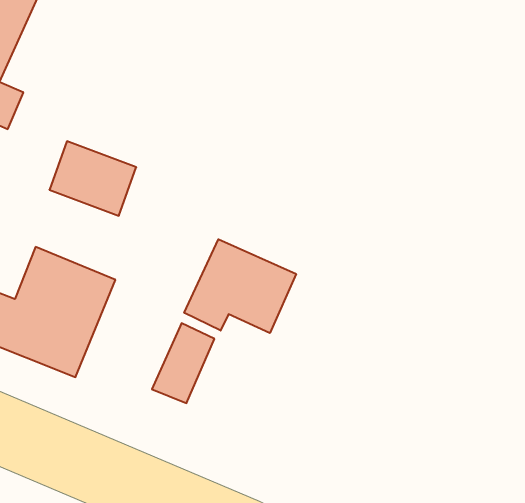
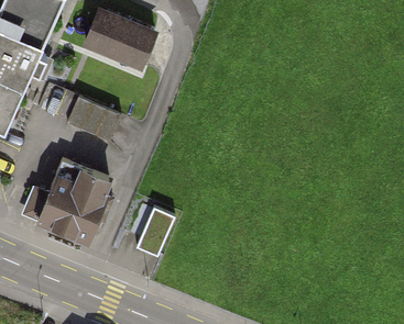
building: none -> [84,5,160,68]
building: [184,239,296,333] -> none

